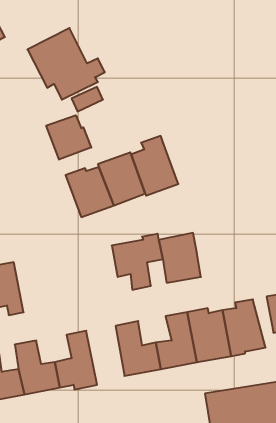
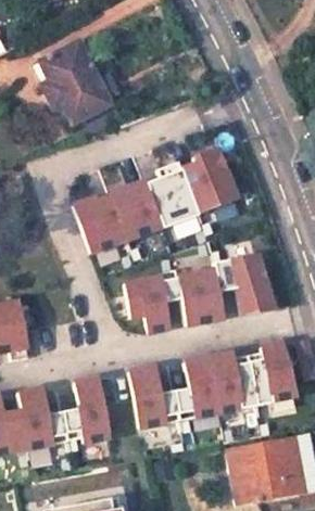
building: [46,115,91,160] -> none
building: none -> [182,150,237,214]
building: none -> [215,256,276,316]

